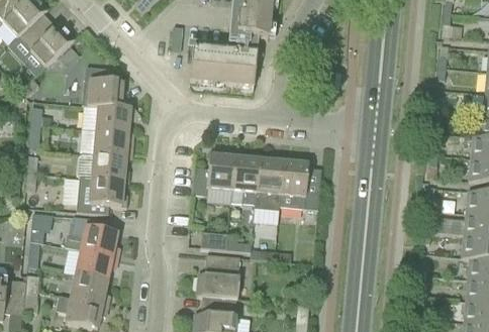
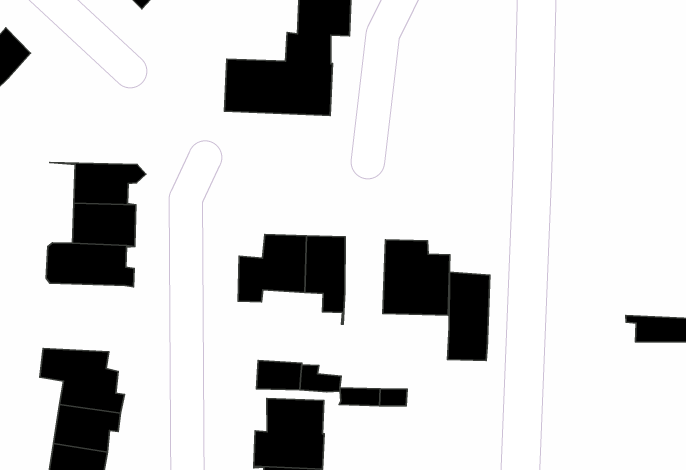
building: [82,67,134,108] -> none
building: [254,158,282,213] -> [447,272,490,361]
building: [75,177,126,214] -> none

